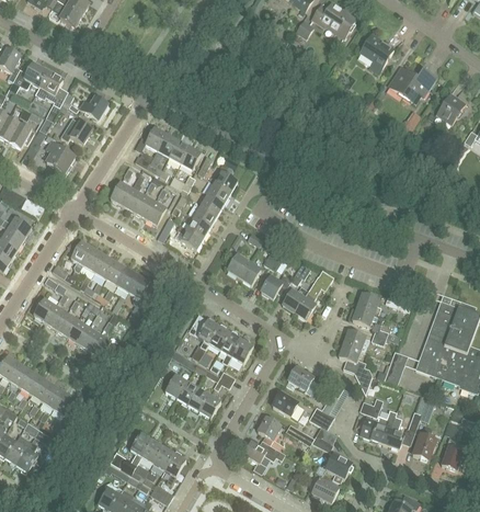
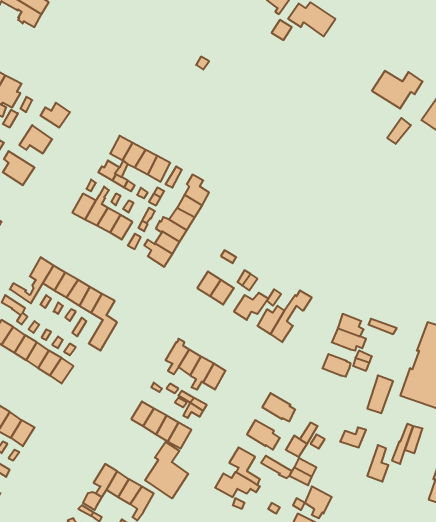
building: [359,33,392,70] -> none
building: [338,342,372,394] -> none
building: none -> [145,442,188,498]
building: [358,411,393,442] -> none
building: [411,424,436,458] -> none

